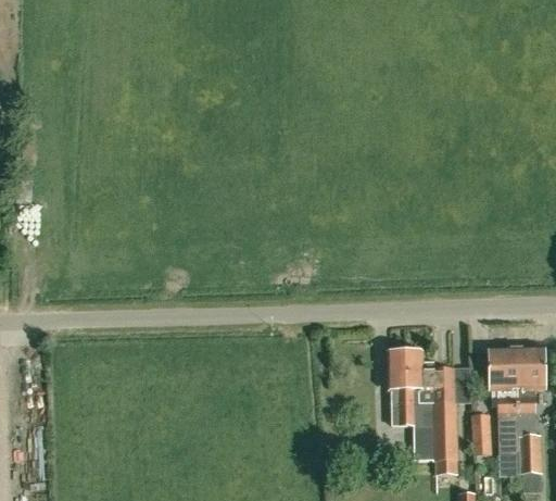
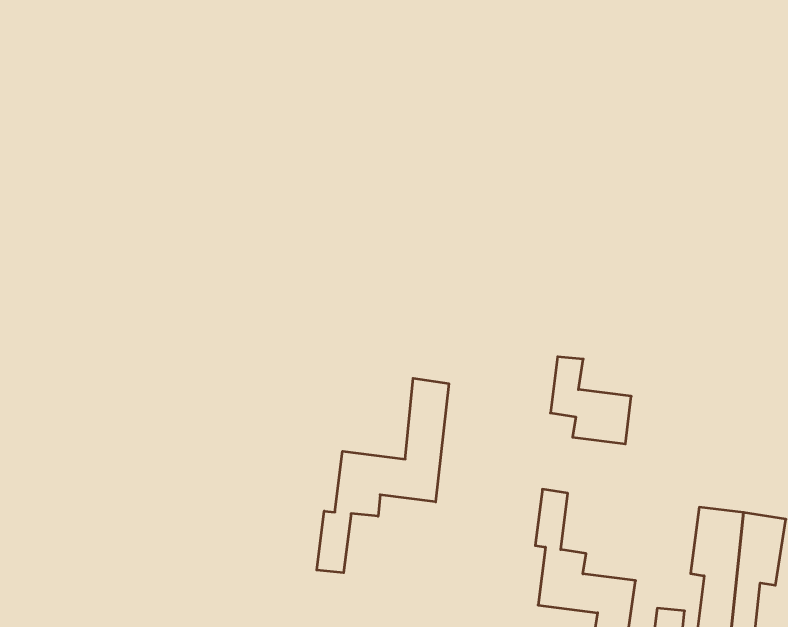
building: none -> [317,378,449,573]
building: [404,351,455,401] -> [550,357,631,444]

